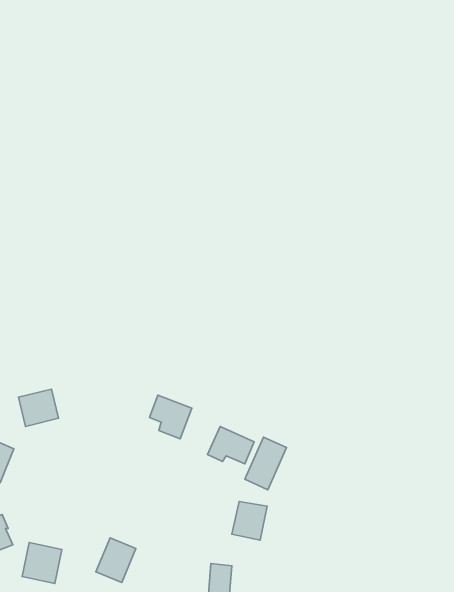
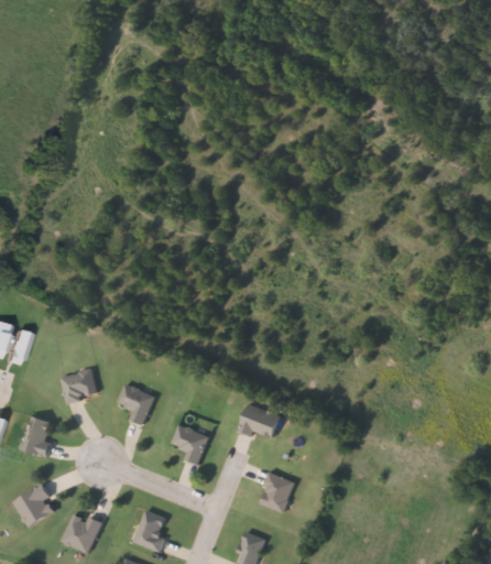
building: [150,395,192,439] -> [171,423,210,464]
building: none -> [117,382,155,423]
building: [245,437,287,490] -> none

